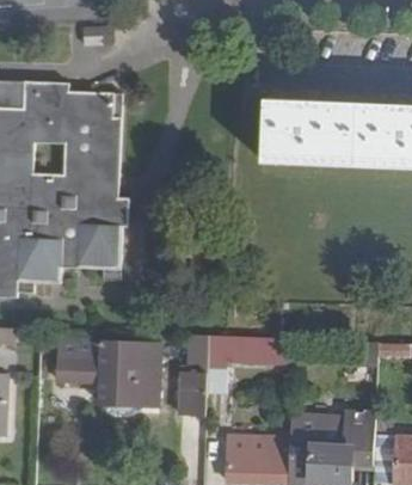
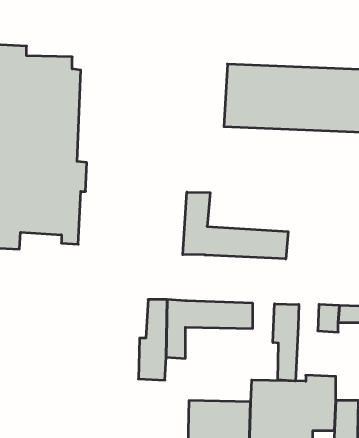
building: none -> [183,192,288,259]
building: none -> [273,304,299,381]
building: [57,340,159,405] -> none

